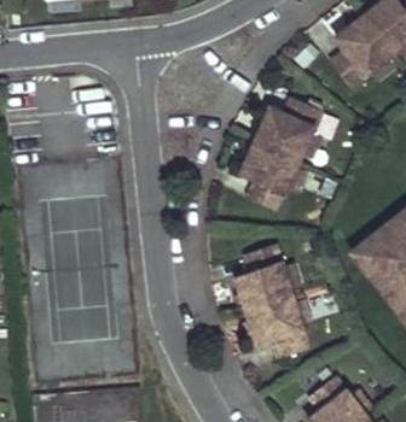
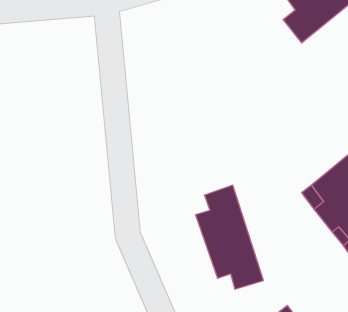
building: [239,98,320,211] -> none

